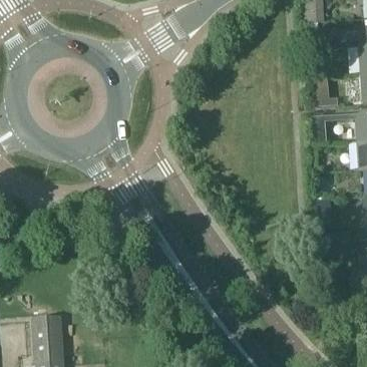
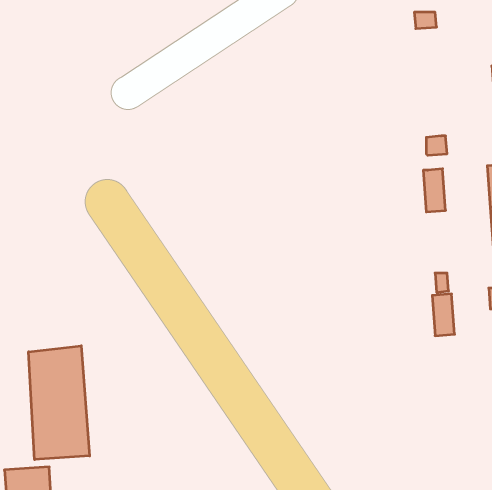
building: none -> [29,346,90,460]

